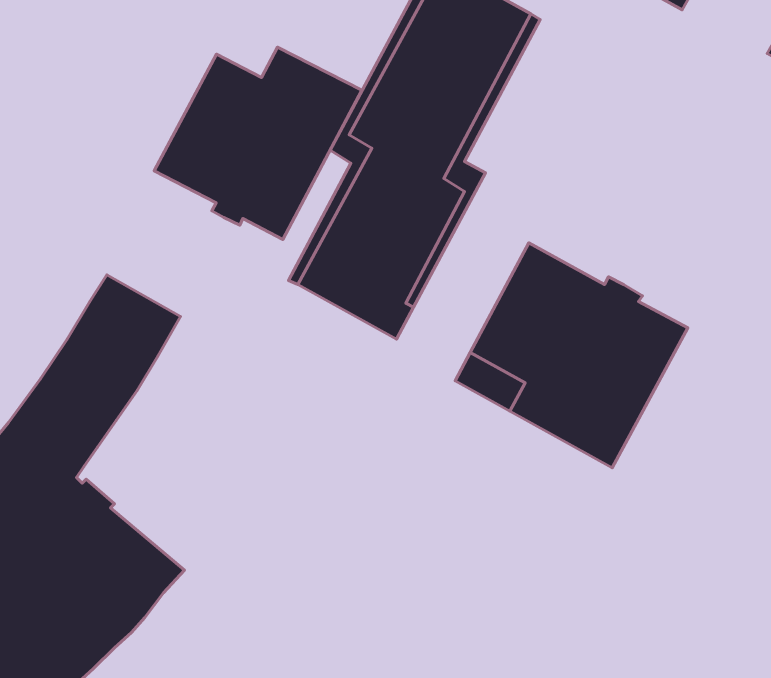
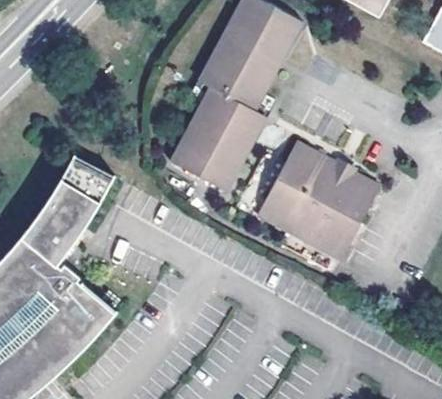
building: [154,47,362,240] -> none

